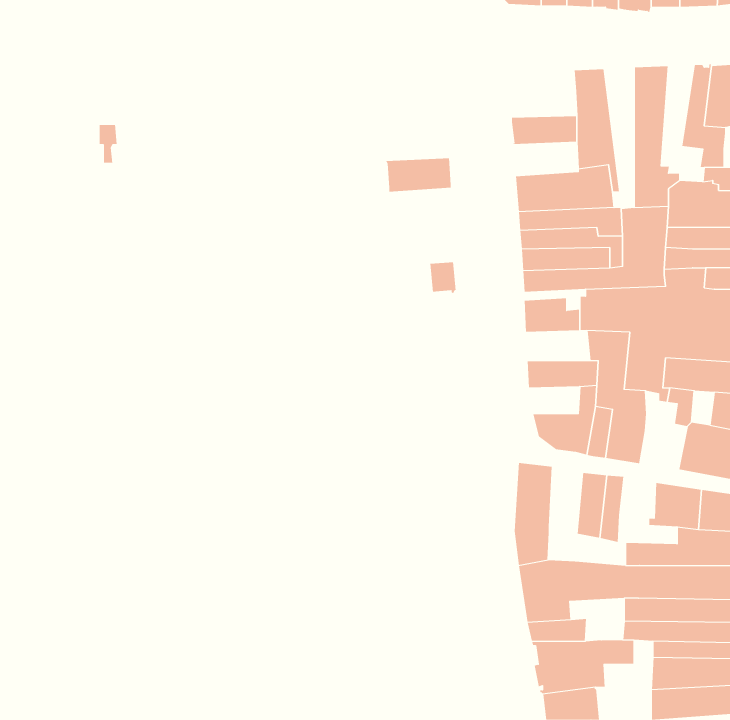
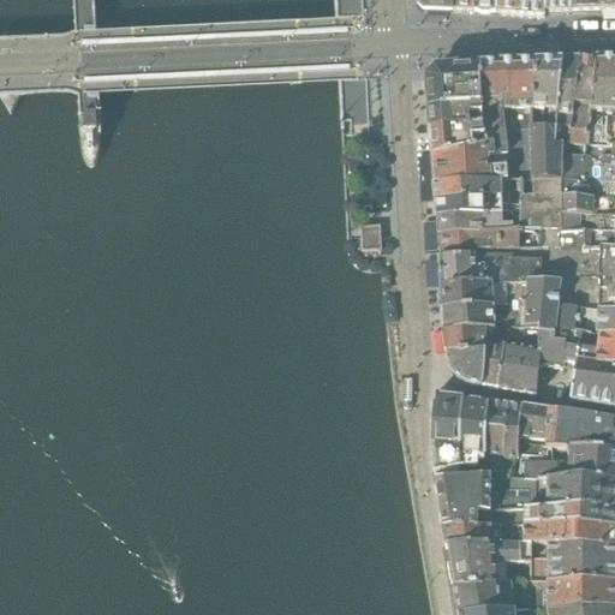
building: none -> [556,54,591,141]
building: none -> [508,56,533,175]
building: none -> [428,59,485,98]
building: [386,158,451,192] -> [431,119,486,148]
building: none -> [442,277,496,303]
building: none -> [444,324,488,347]
building: none -> [543,328,569,365]
building: none -> [461,392,490,471]
building: none -> [521,400,551,435]

